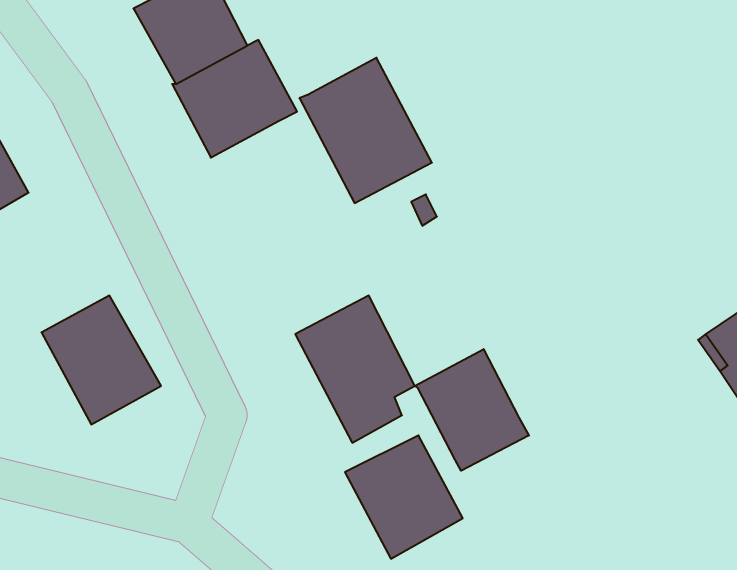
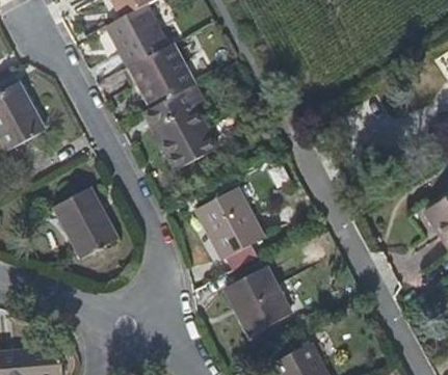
building: [299,58,432,203] -> [143,88,218,170]
building: [415,349,529,471] -> none

